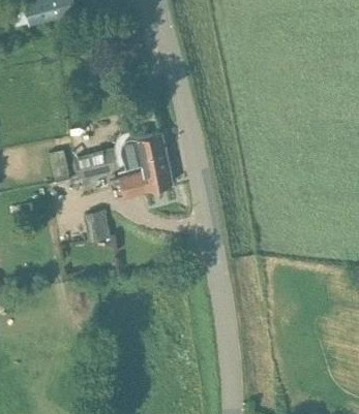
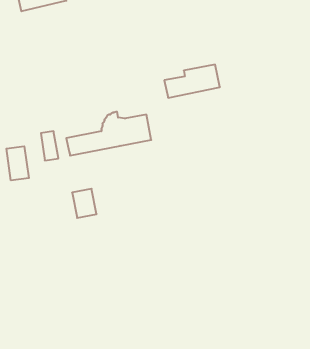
building: [114,161,173,196] -> [164,65,220,98]
building: none -> [6,146,29,180]

